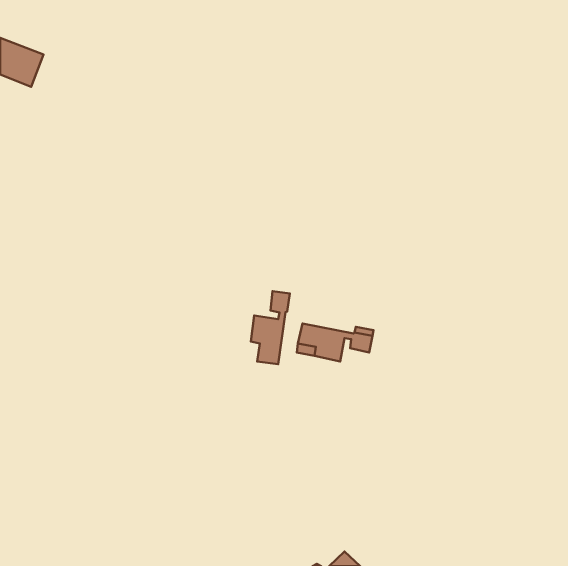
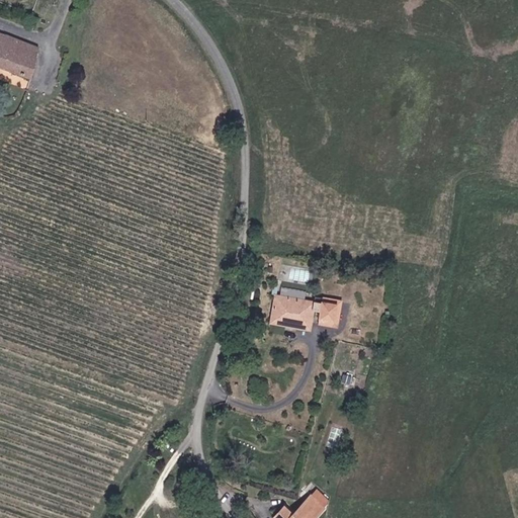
building: [251,291,290,364] -> none

